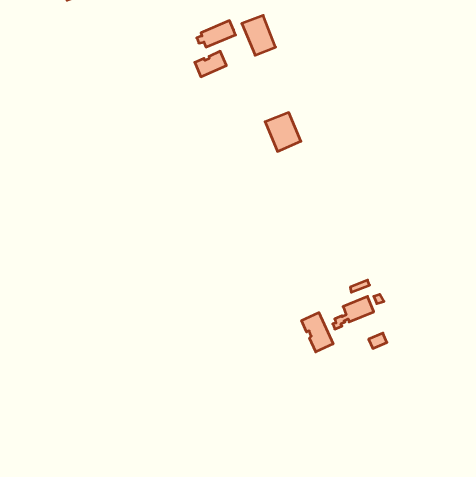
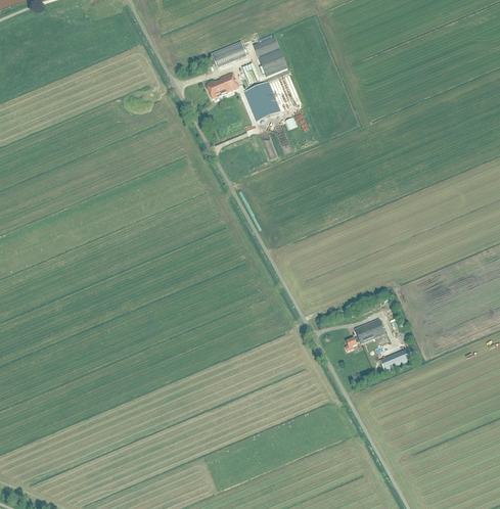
building: [265,113,301,151] -> [244,81,280,120]
building: [302,313,333,352] -> none

